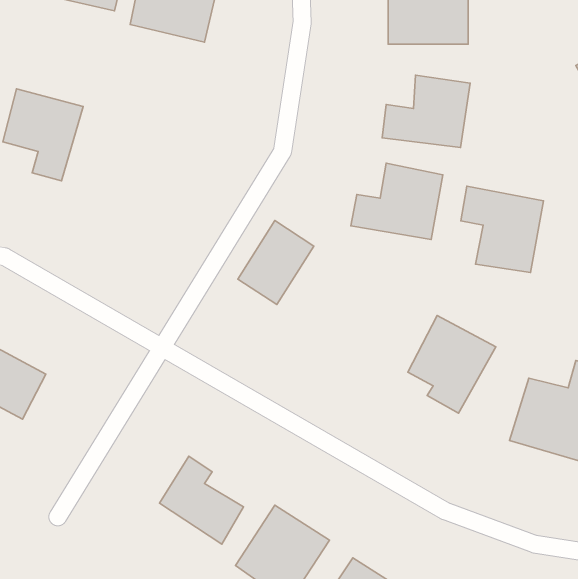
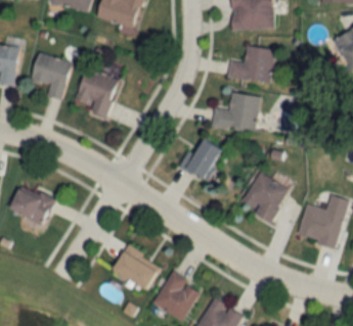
building: none -> [76,68,119,119]
building: [461,186,543,273] -> none
building: [238,221,314,305] -> [182,137,222,181]

